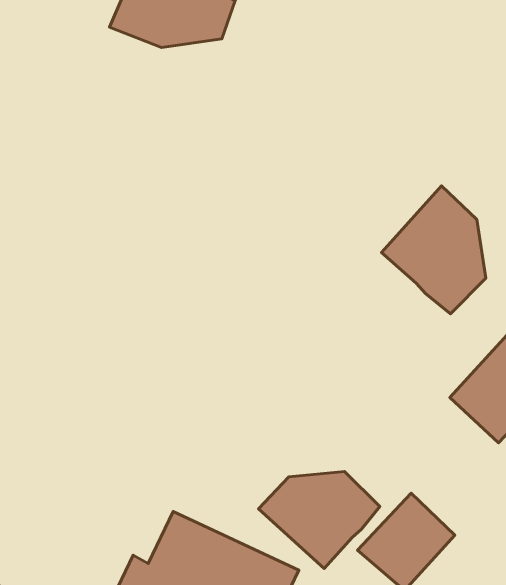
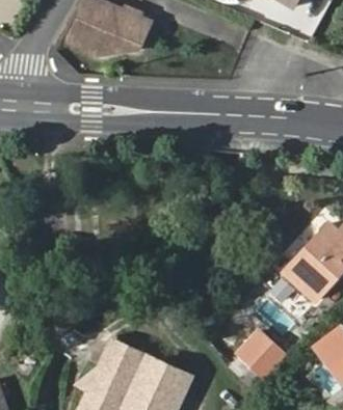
building: [382,186,486,314] -> none
building: [258,471,380,569] -> none

